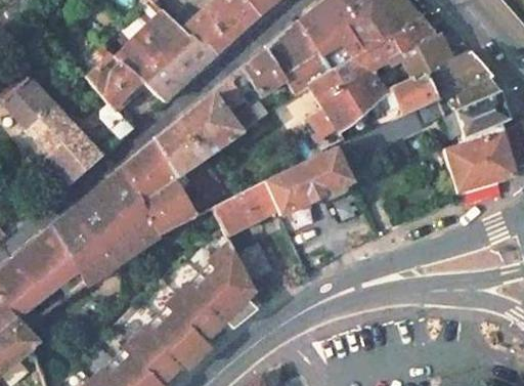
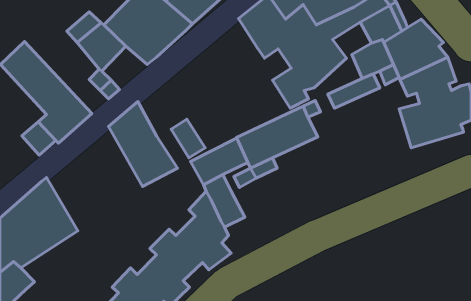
building: [242,49,286,96] -> none
building: [154,78,259,179] -> none
building: [52,169,159,285] -> none

